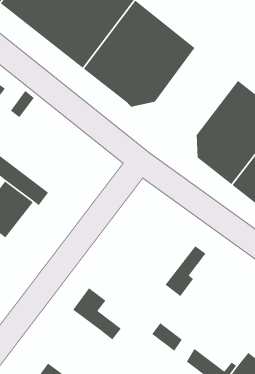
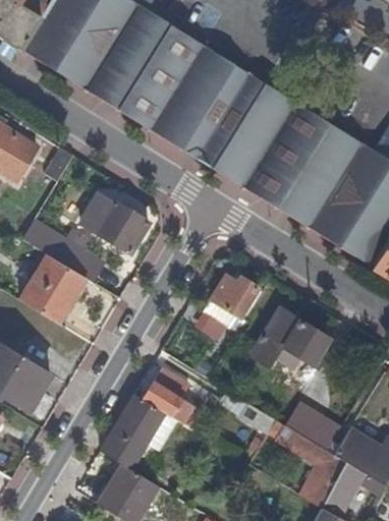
building: none -> [187,76,308,204]
building: none -> [84,194,151,252]
building: none -> [201,273,258,331]
building: none -> [277,313,331,363]
building: none -> [103,391,179,467]
building: none -> [286,397,344,447]

